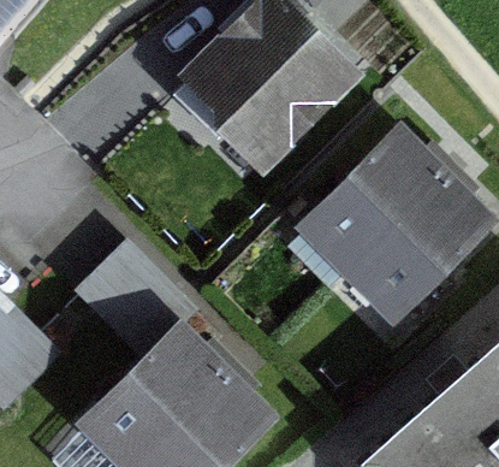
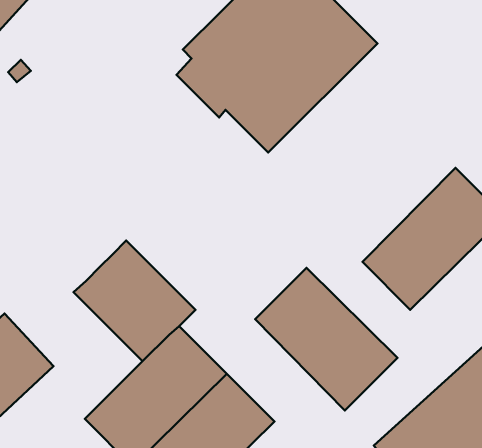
building: [308,137,442,273] -> none
building: none -> [255,268,398,410]

